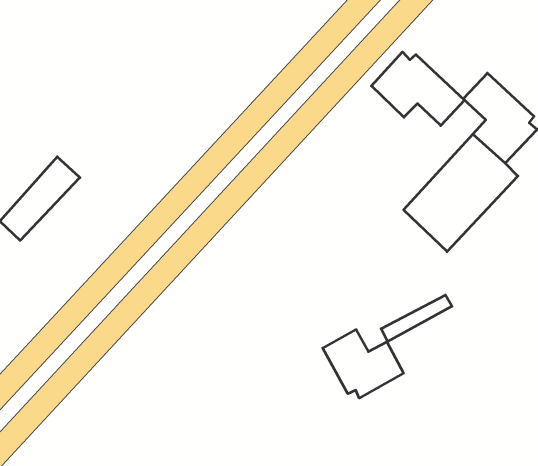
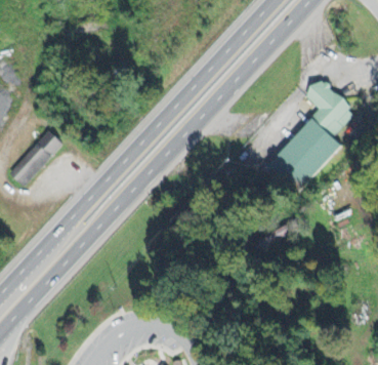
building: [371,52,465,126] -> none
building: [323,330,403,398] -> none

